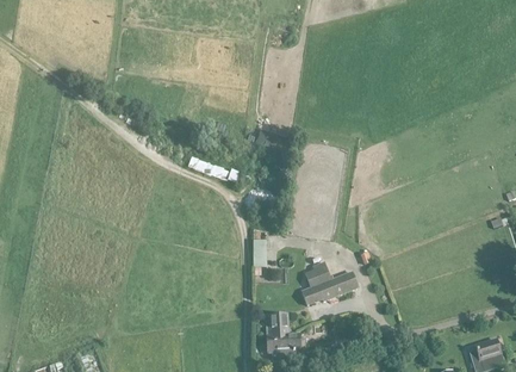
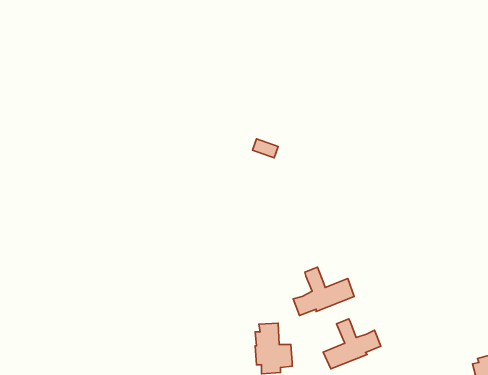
building: none -> [323,319,381,369]

